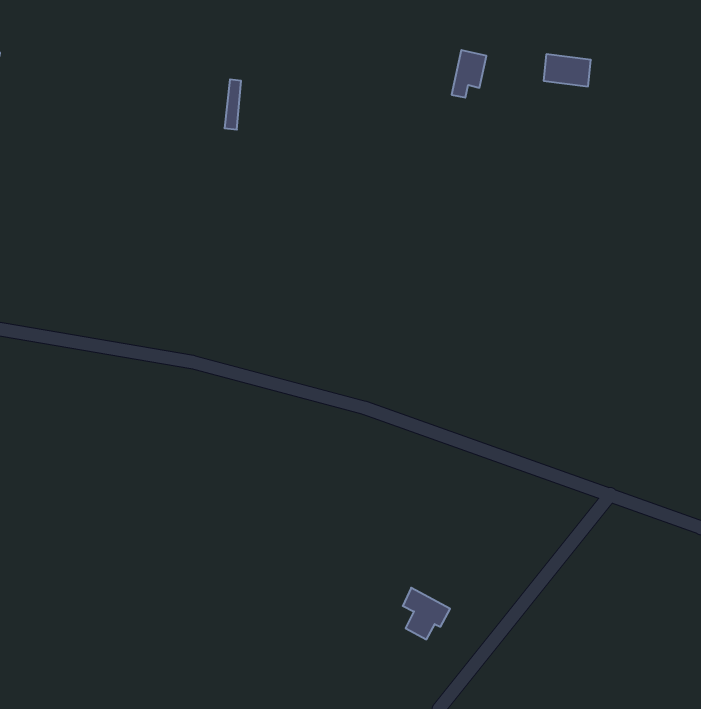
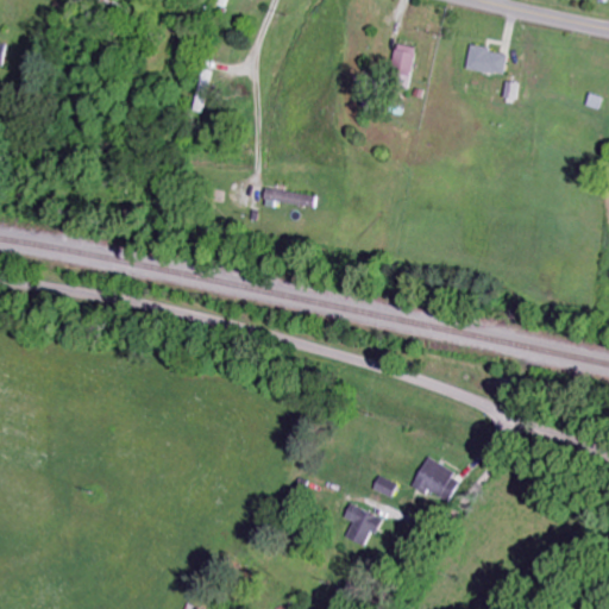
building: none -> [259,188,312,207]
building: none -> [410,458,463,503]

